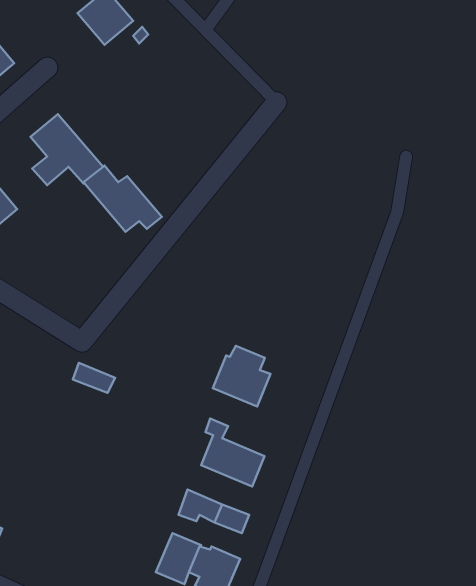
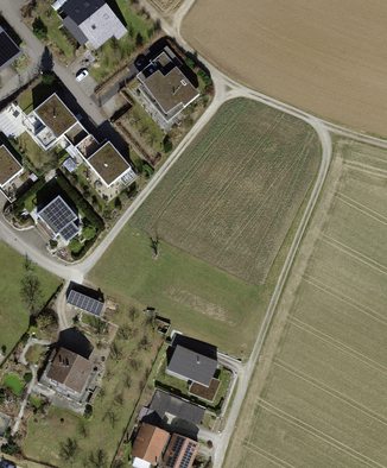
building: none -> [140,46,198,116]
building: none -> [36,195,76,236]
building: [213,346,271,406] -> none
building: none -> [37,347,96,401]

